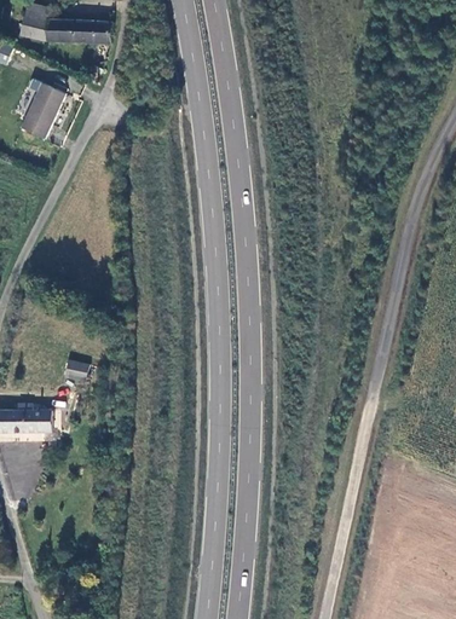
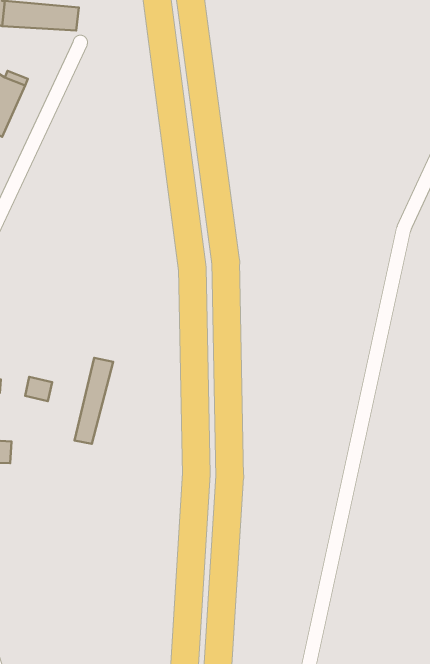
building: none -> [75,358,113,444]

